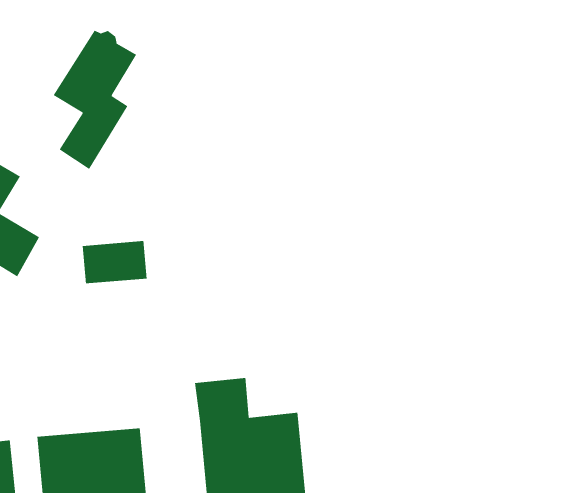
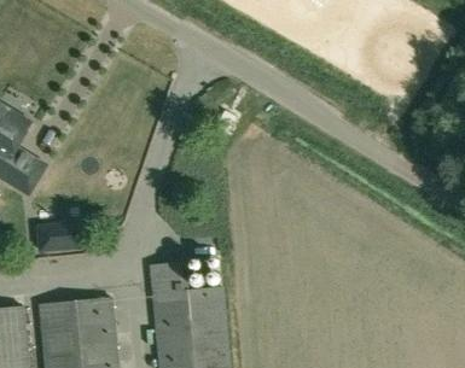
building: [53,30,137,170] -> none
building: [82,241,148,284] -> [37,221,83,251]

